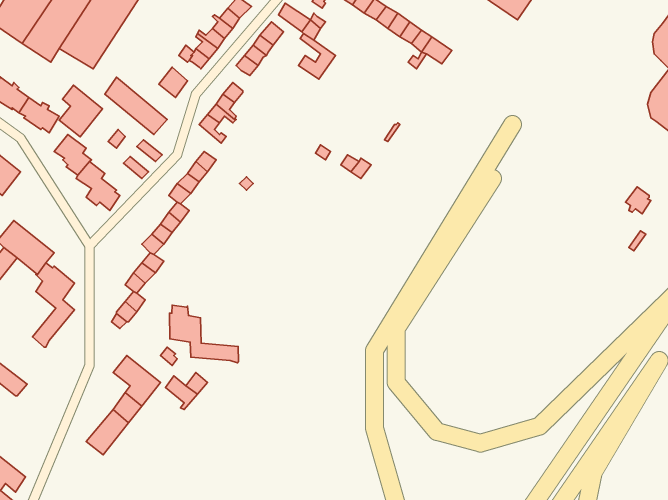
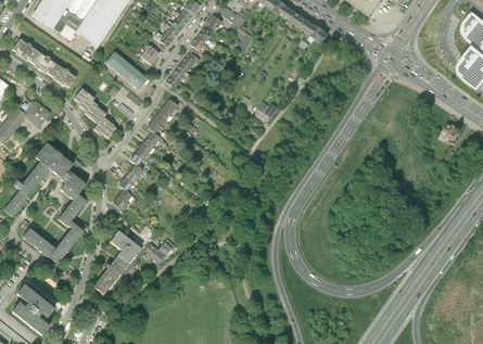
building: [59,85,103,137] -> none
building: [169,305,239,363] -> none
building: none -> [49,220,82,262]

